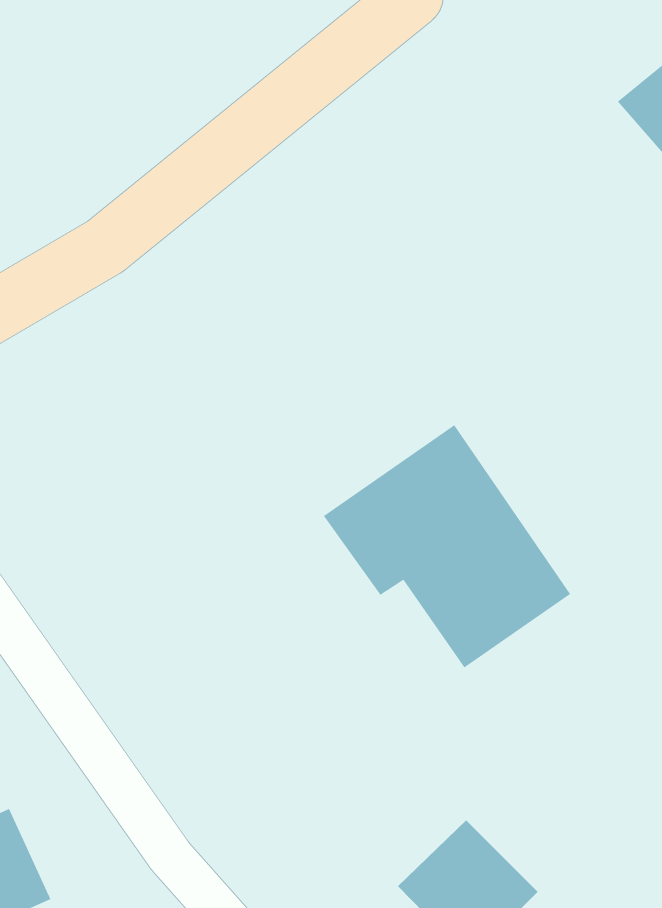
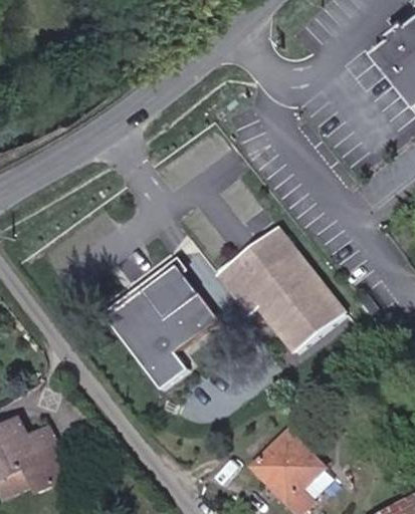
building: none -> [102,258,220,387]

